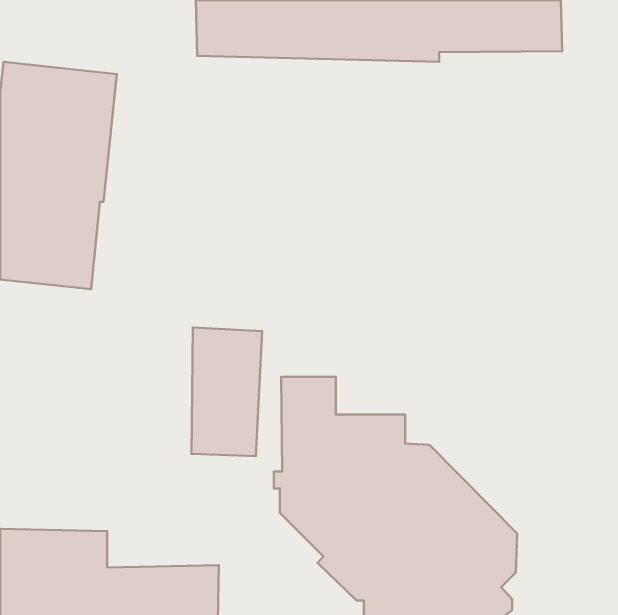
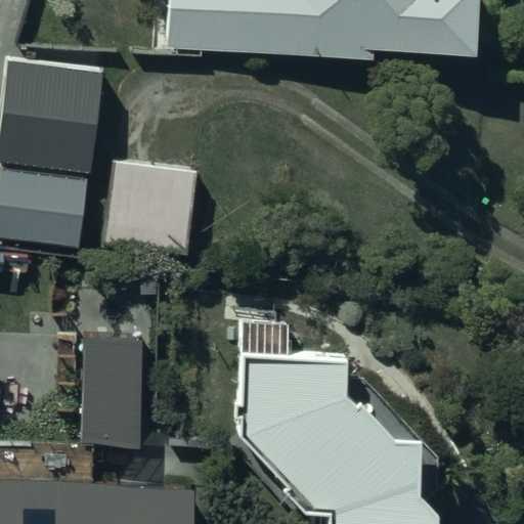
building: none -> [107,158,195,251]
building: [191,327,262,456] -> [82,337,141,445]

